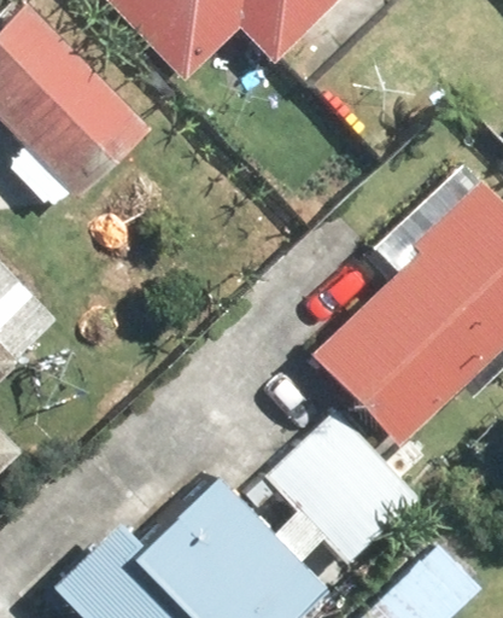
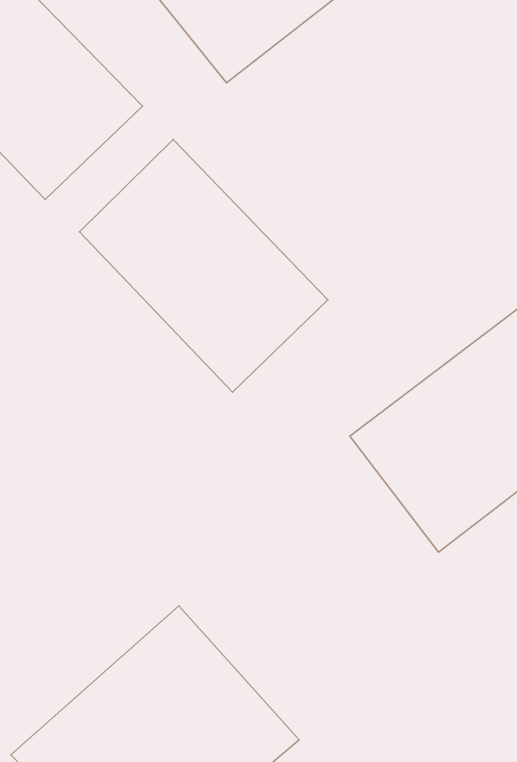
building: none -> [80,139,328,392]
building: [271,418,413,558] -> none

